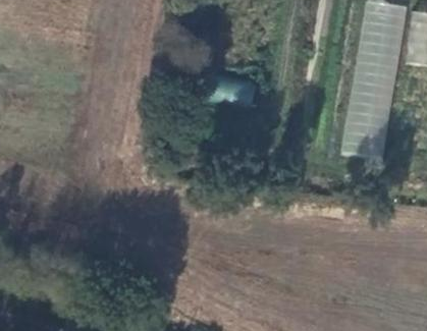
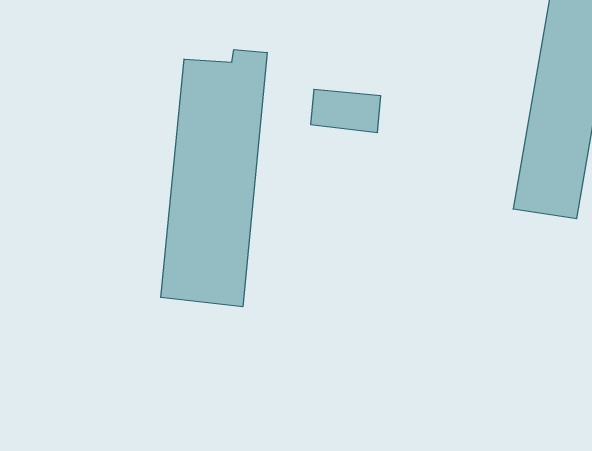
building: none -> [161,50,267,307]

